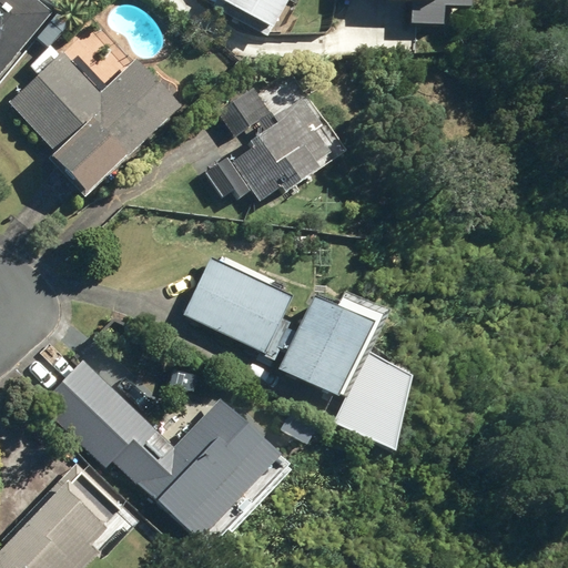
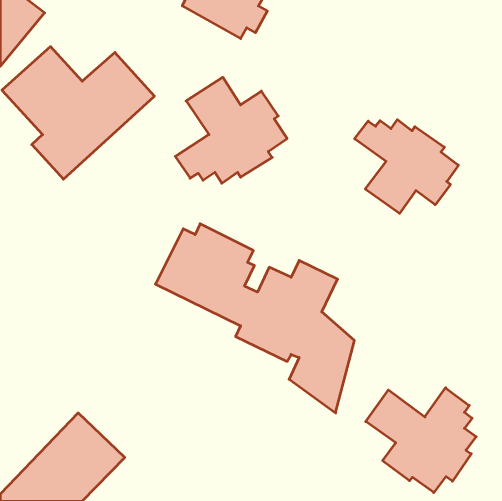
building: none -> [355,120,458,213]
building: [49,355,291,528] -> none
building: none -> [366,388,476,493]

